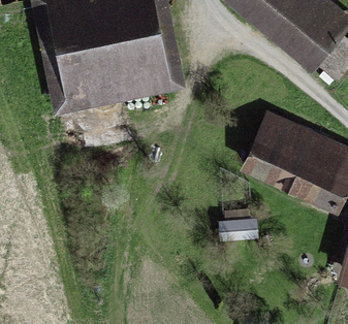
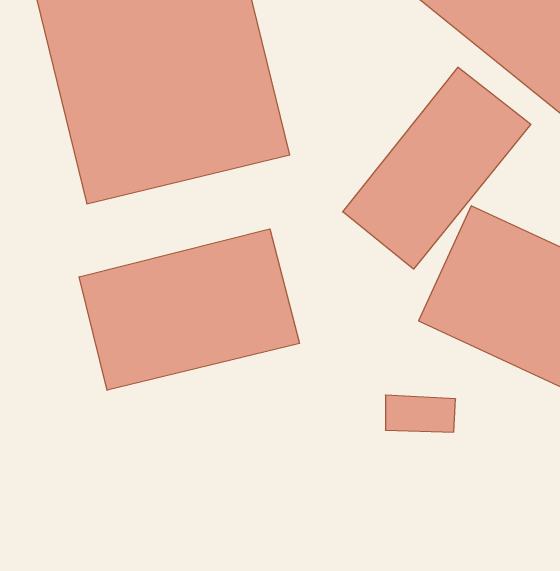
building: none -> [343,67,531,269]
building: none -> [79,229,299,390]

